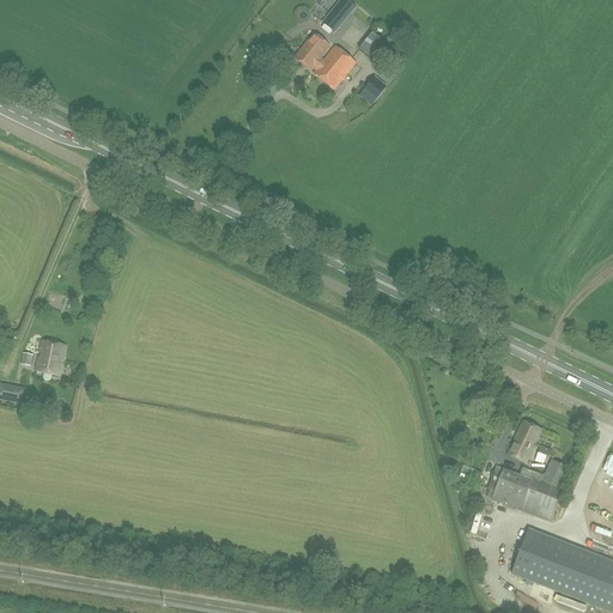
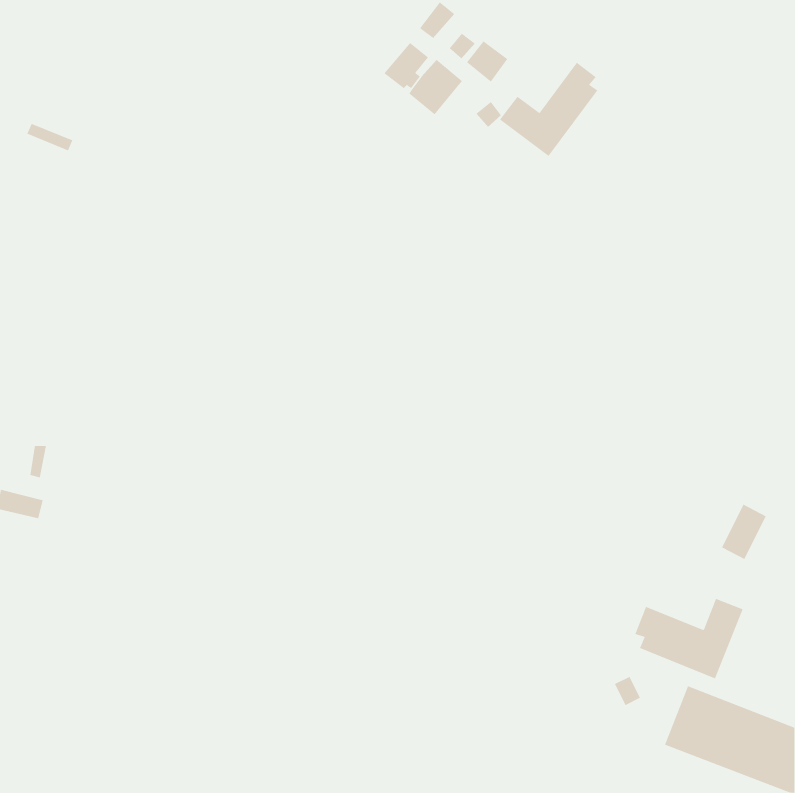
building: none -> [499,62,598,157]
building: [36,339,66,372] -> none
building: [506,419,541,462] -> [721,504,767,560]

